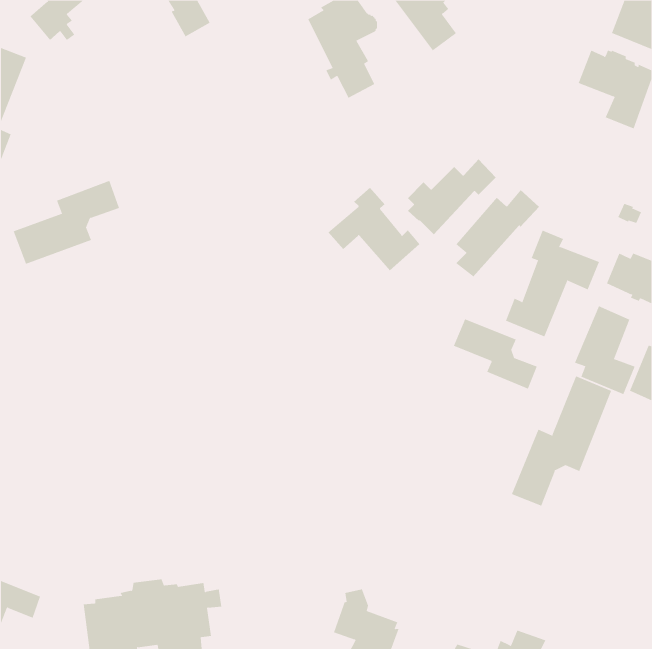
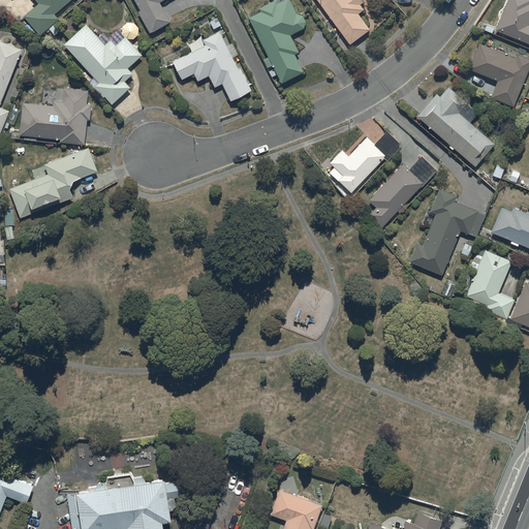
building: none -> [64,24,143,104]
building: none -> [174,32,252,101]
building: none -> [415,87,495,167]
building: none -> [20,89,92,146]
building: [328,187,420,271] -> none
building: [453,319,538,390] -> none
building: [511,375,612,507] -> none

